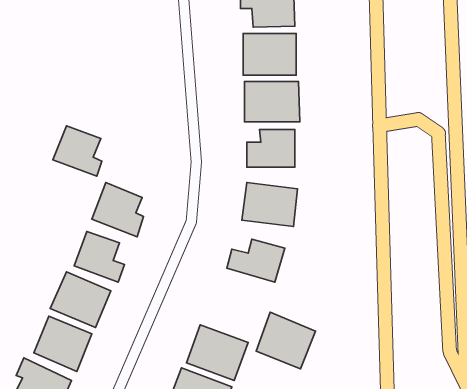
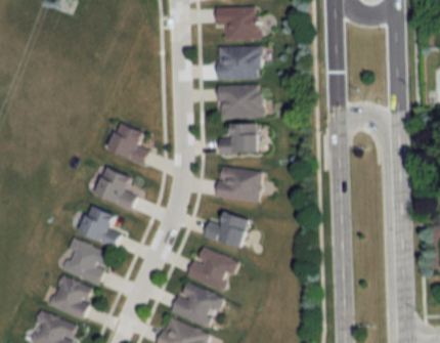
building: [53,126,102,176] -> [109,123,149,164]
building: [256,312,316,369] -> [188,246,236,292]

